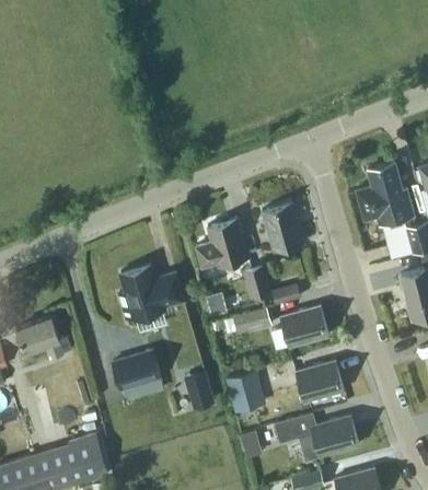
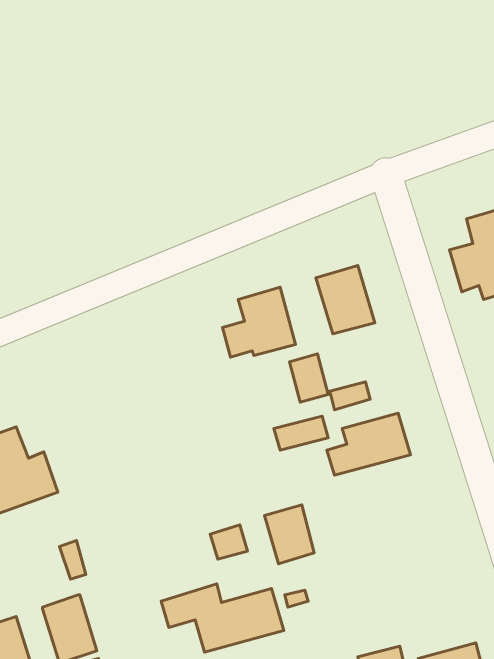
building: [116,264,183,323] -> none
building: [113,350,160,388] -> none
building: [296,361,344,401] -> none
building: [273,412,359,460] -> [161,584,284,652]

